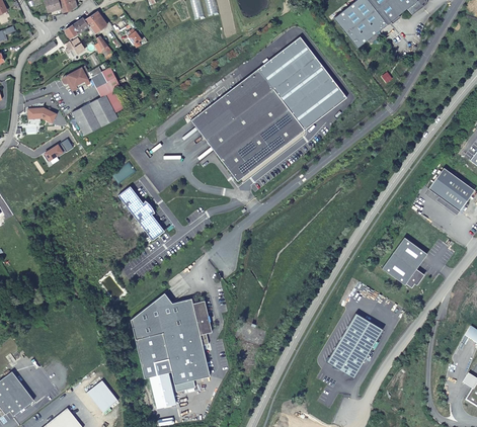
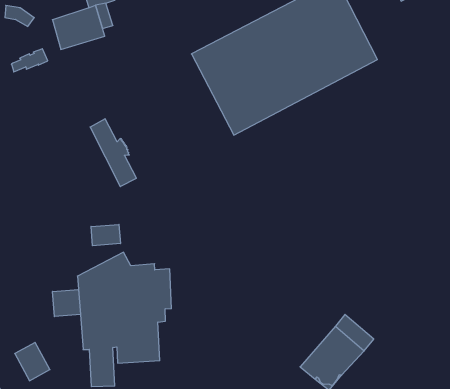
building: [382,238,426,287] -> none
building: none -> [91,224,120,246]
building: none -> [53,289,80,317]

